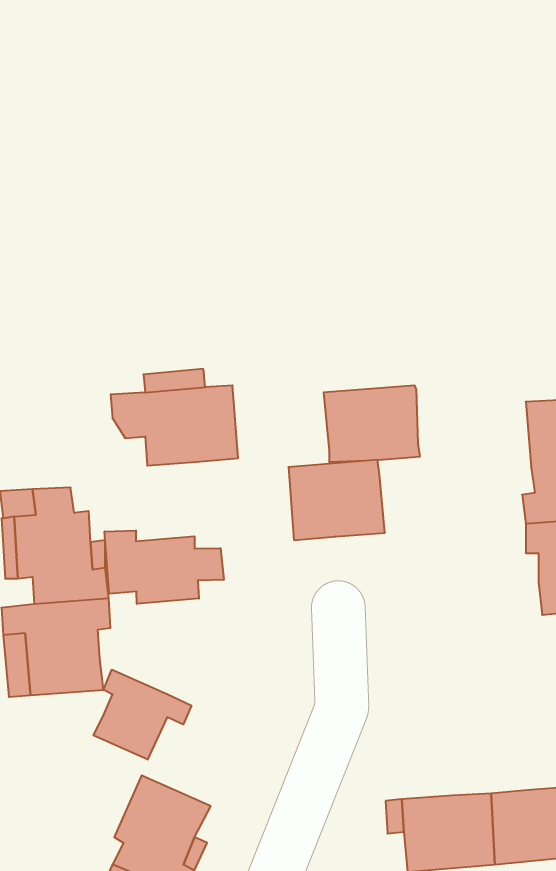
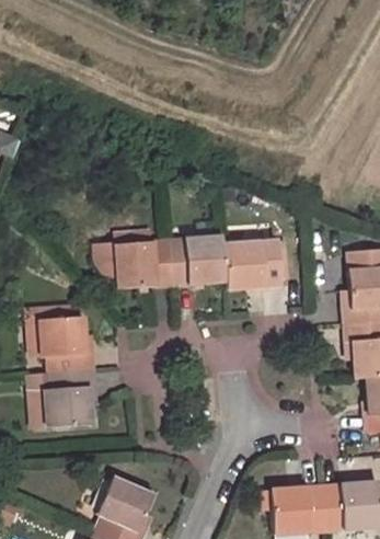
building: [288,460,385,540] -> [168,237,226,285]
building: [105,530,224,604] -> none
building: [94,670,191,760] -> none

